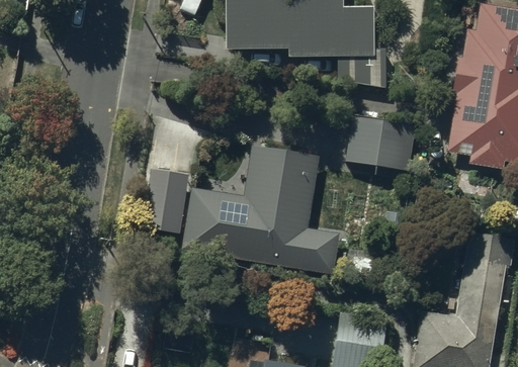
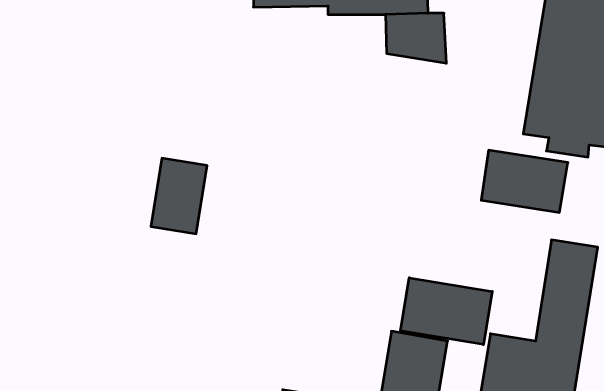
building: [346,118,418,170] -> [481,150,568,212]
building: [184,147,336,267] -> none
building: none -> [400,278,492,345]

